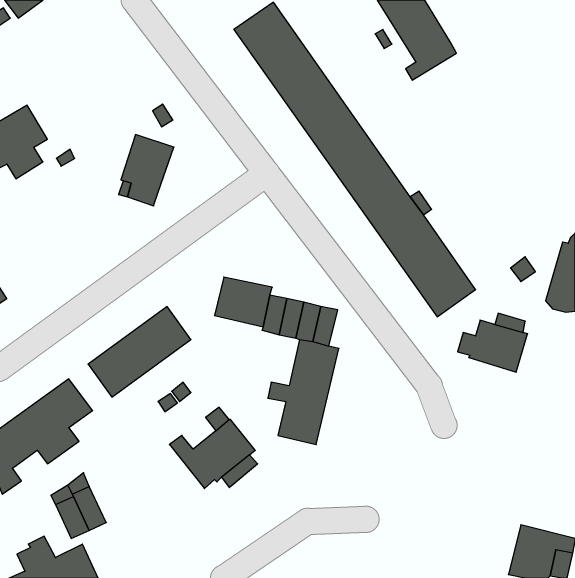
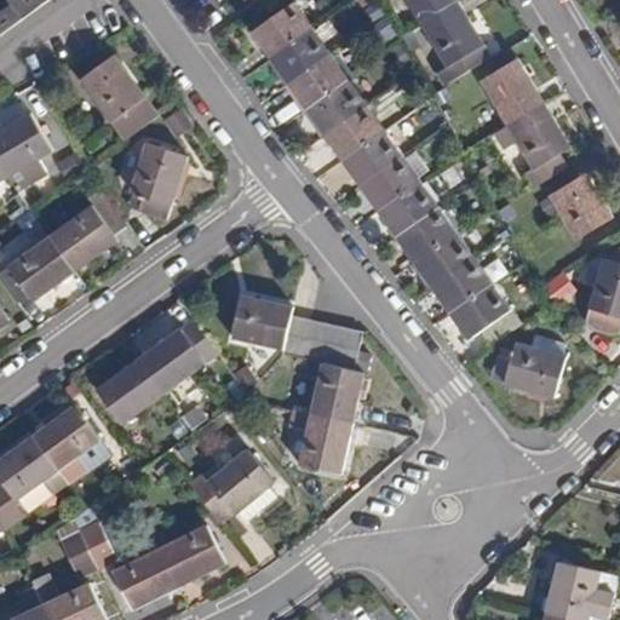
building: none -> [79,56,156,142]
building: none -> [478,58,570,186]
building: none -> [549,173,612,240]
building: none -> [6,190,125,302]
building: none -> [113,526,225,610]

